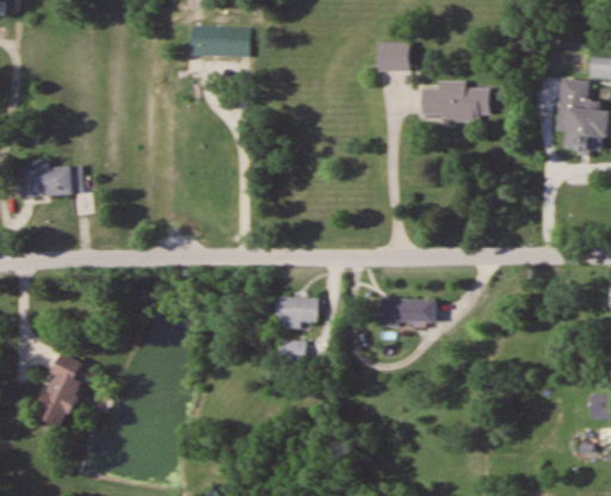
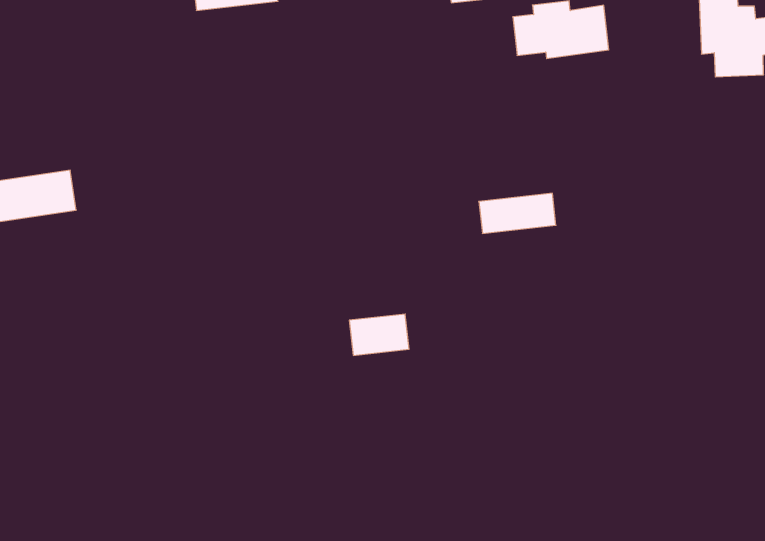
building: [379,300,434,324] -> [479,193,556,233]
building: [279,341,306,362] -> none
building: [32,354,87,428] -> none

